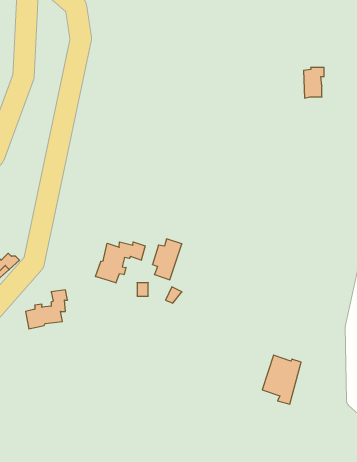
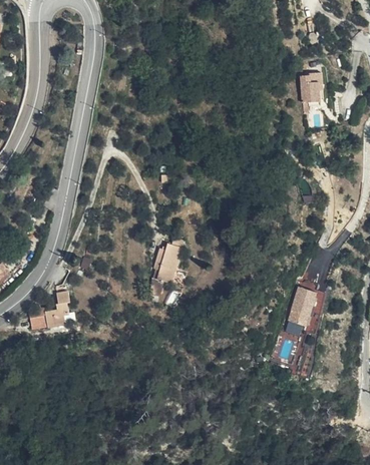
building: [96,242,145,283] -> none
building: [262,355,301,404] -> [284,285,322,333]

